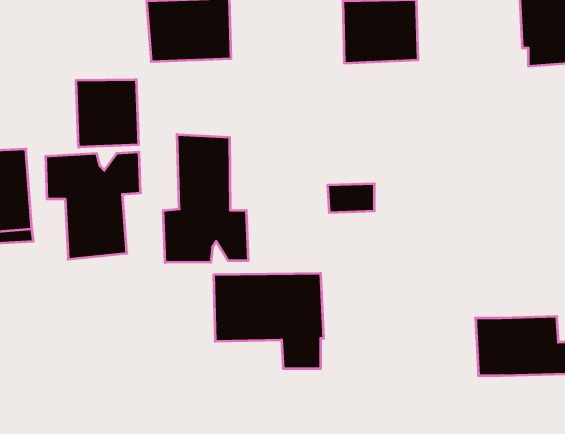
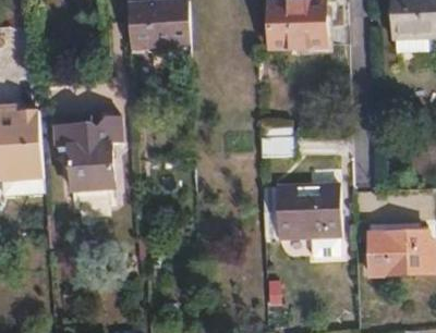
building: [76,79,138,147] -> none
building: [163,134,248,263] -> none
building: [214,273,324,368] -> [261,187,340,256]

